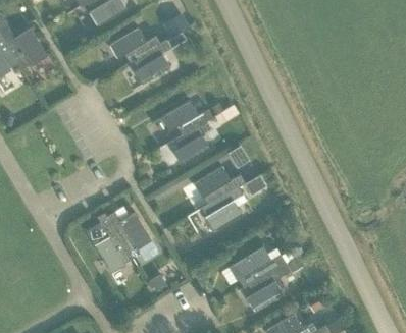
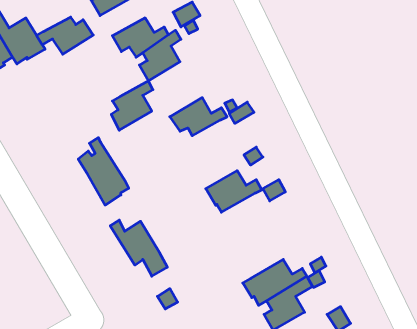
building: none -> [37,17,93,54]
building: [172,120,210,165] -> [111,81,153,130]
building: [201,186,242,231] -> none
building: [86,212,132,273] -> [78,138,129,205]

